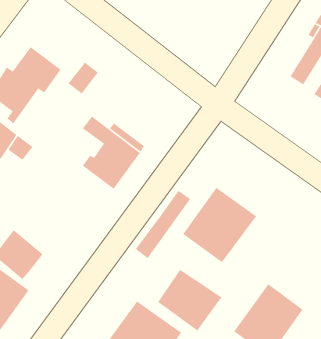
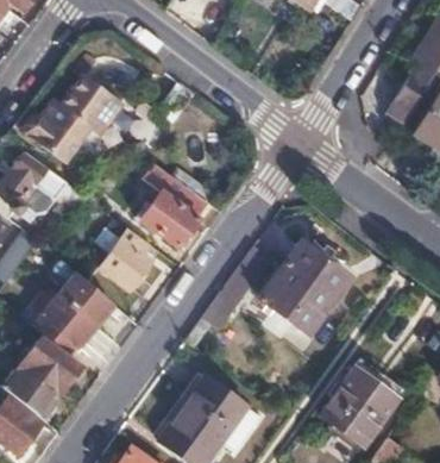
building: none -> [99,226,151,288]
building: none -> [52,259,112,323]
building: [157,269,222,332] -> none

